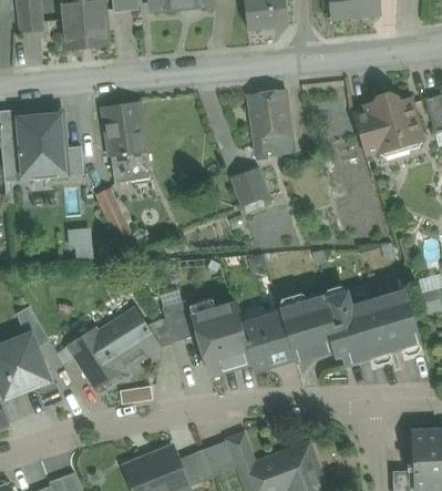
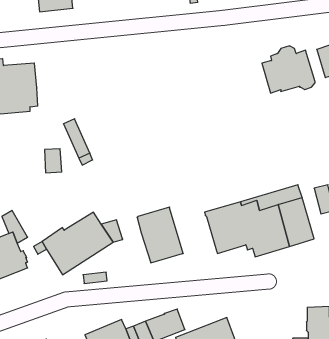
building: [247,89,294,154] -> none
building: [103,102,151,183] -> none
building: [53,146,84,177] -> none
building: [230,167,269,206] -> none
building: [162,299,197,342] -> none
building: [240,313,295,370] -> none

